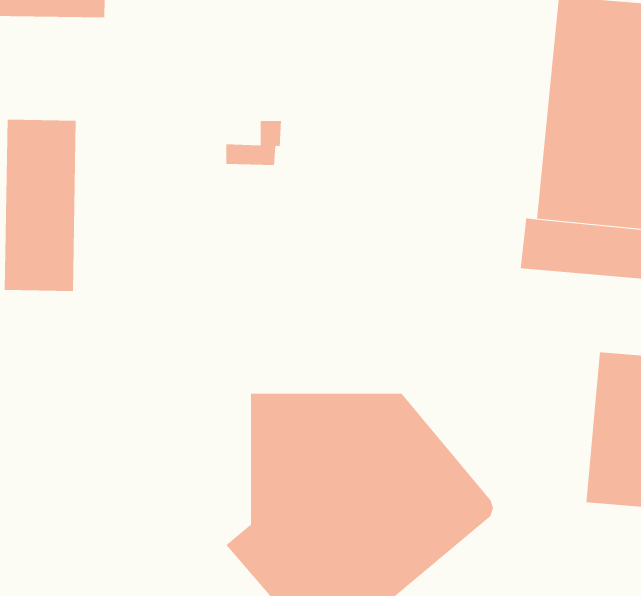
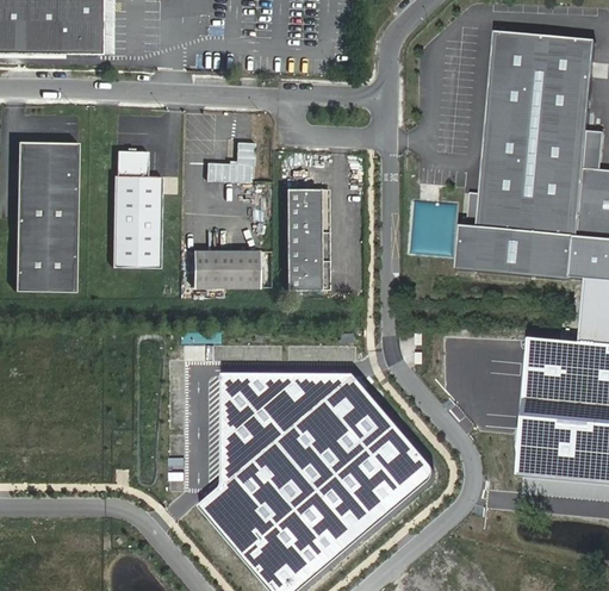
building: none -> [111,150,161,265]
building: none -> [286,187,328,288]
building: none -> [193,249,259,286]

